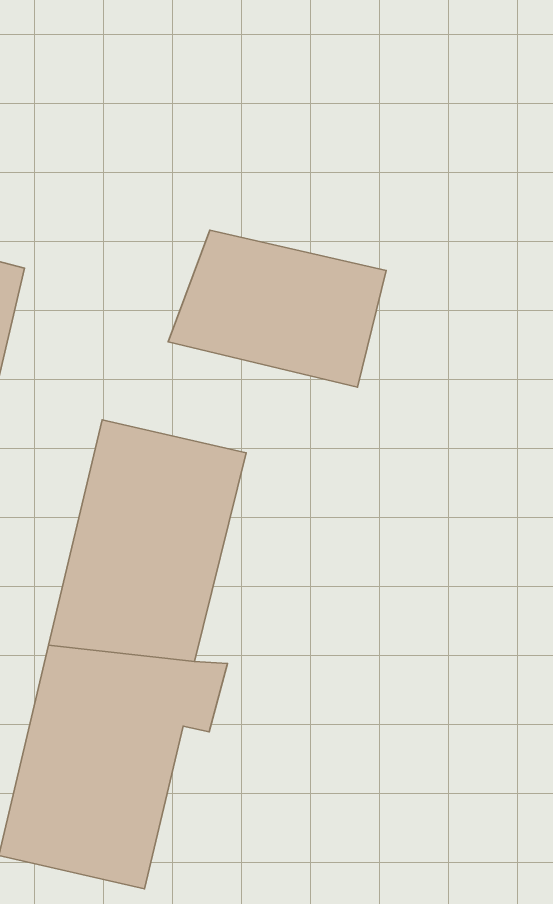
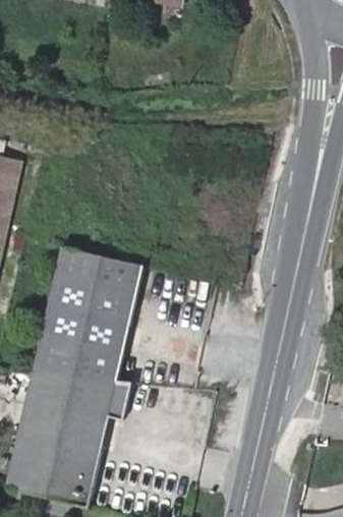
building: [168,230,386,387] -> none

